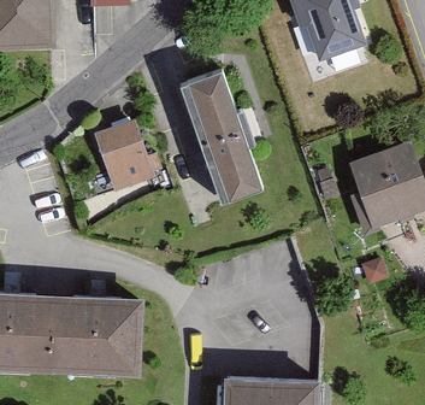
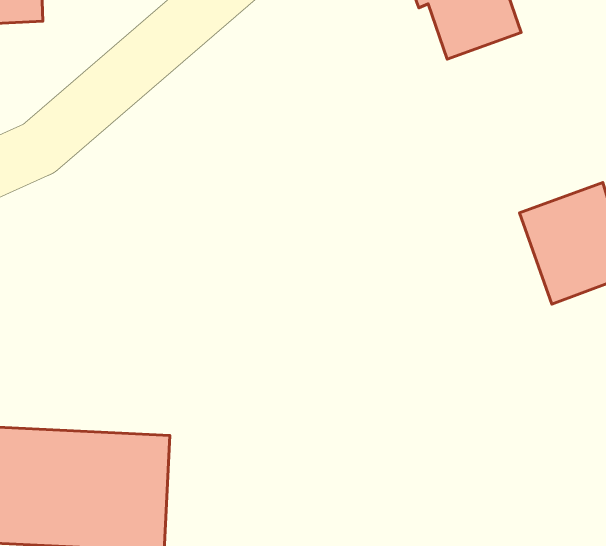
building: [179,70,262,202] -> none
building: [93,119,154,192] -> none

